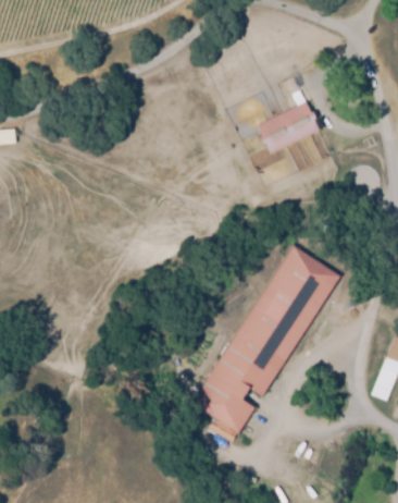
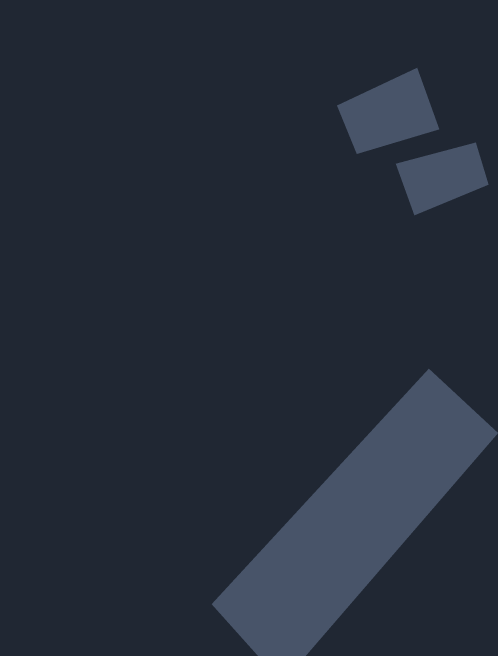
building: none -> [336,67,440,155]

